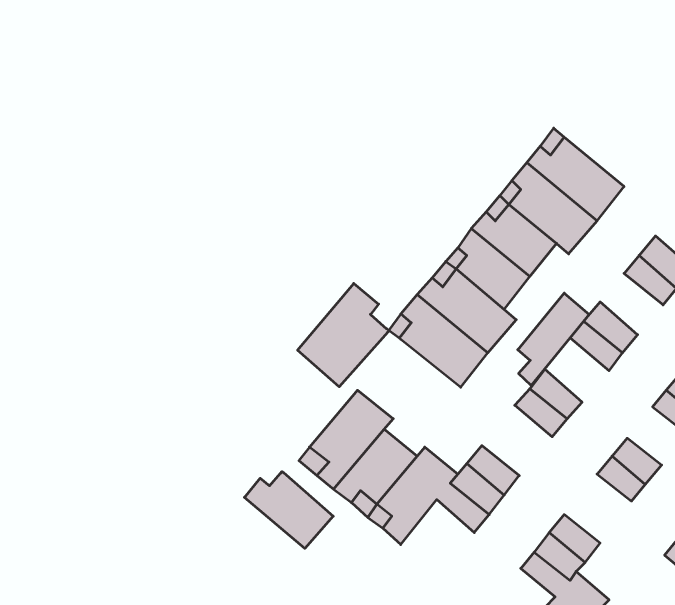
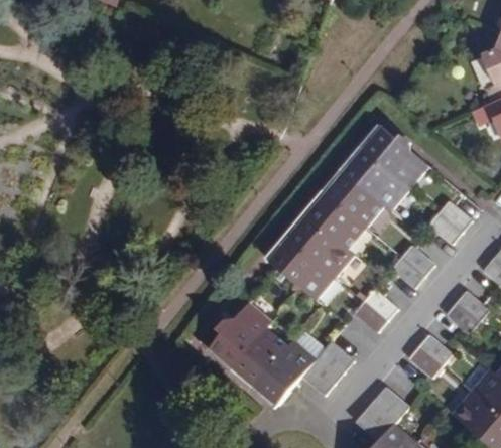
building: [298,283,389,387] -> none
building: [518,293,589,386] -> none
building: [244,472,333,548] -> none

